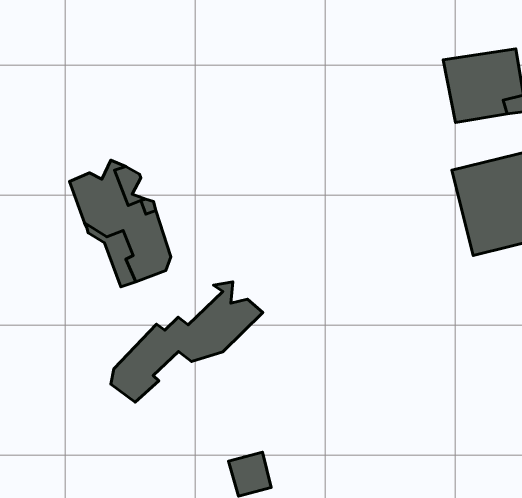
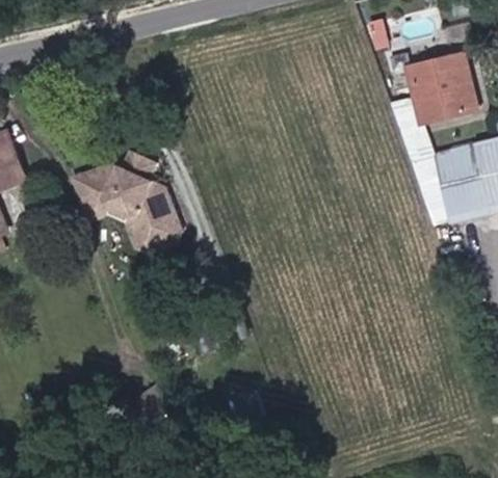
building: none -> [76,168,112,214]
building: [111,282,263,402] -> none

